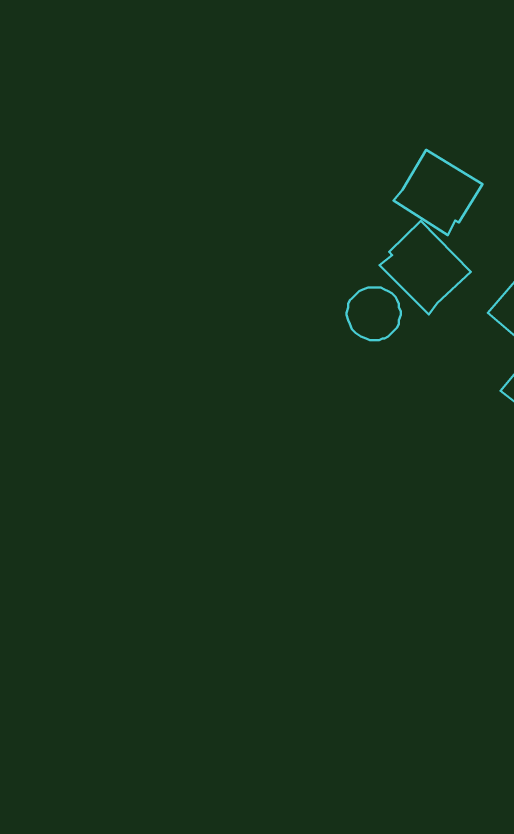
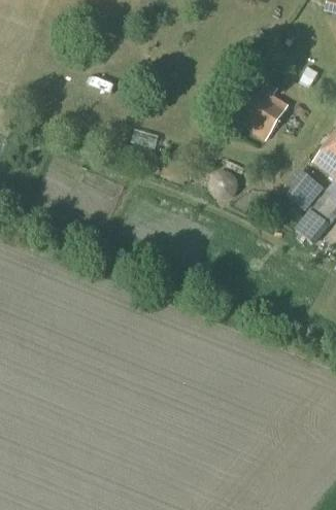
building: [379,221,471,314] -> none

